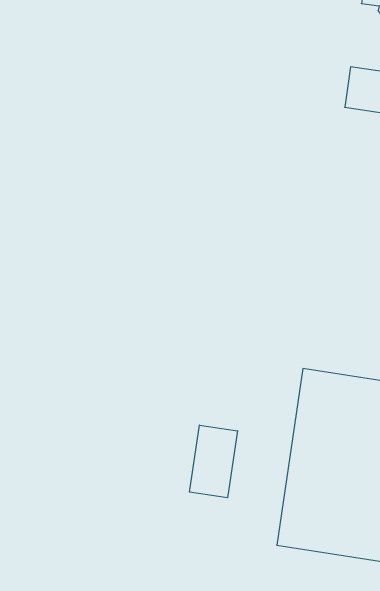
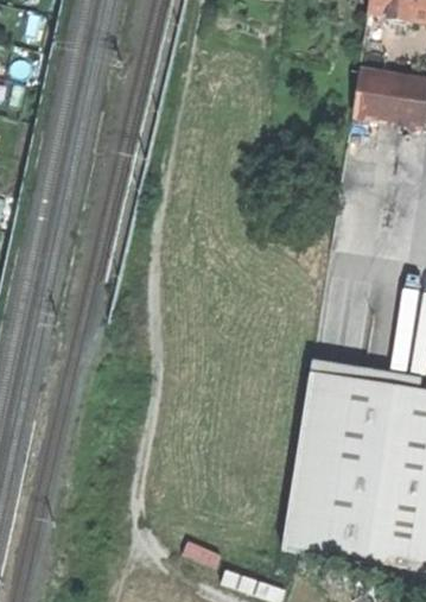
building: [189,425,237,498] -> none

